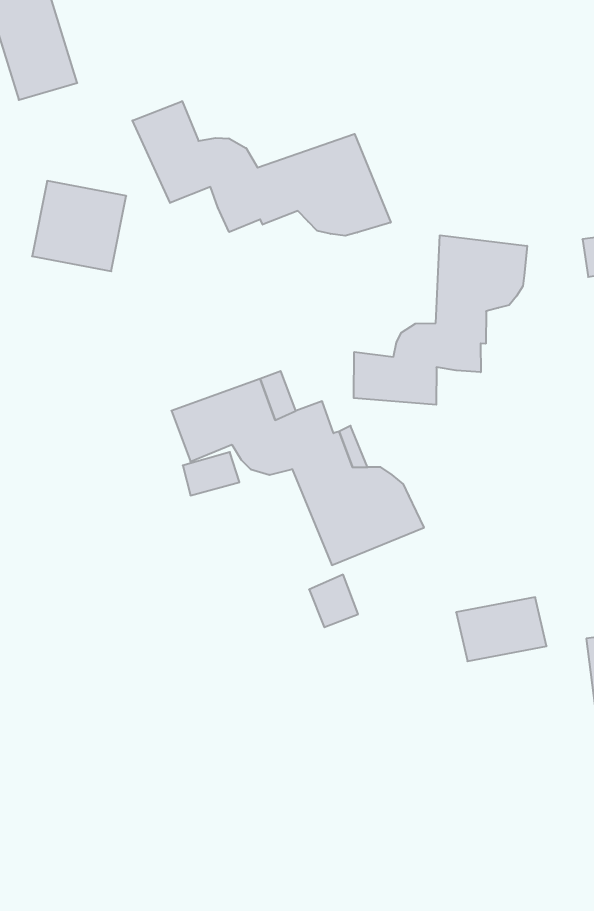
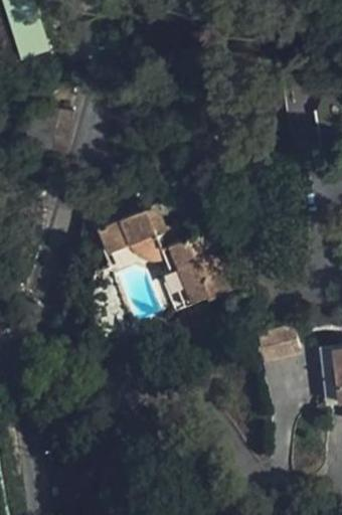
building: [132,101,391,236] -> none
building: [354,235,527,405] -> none

